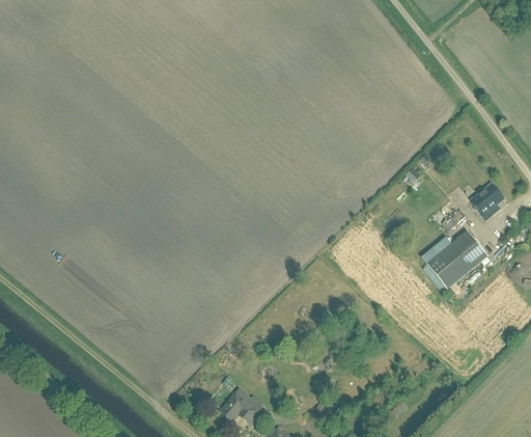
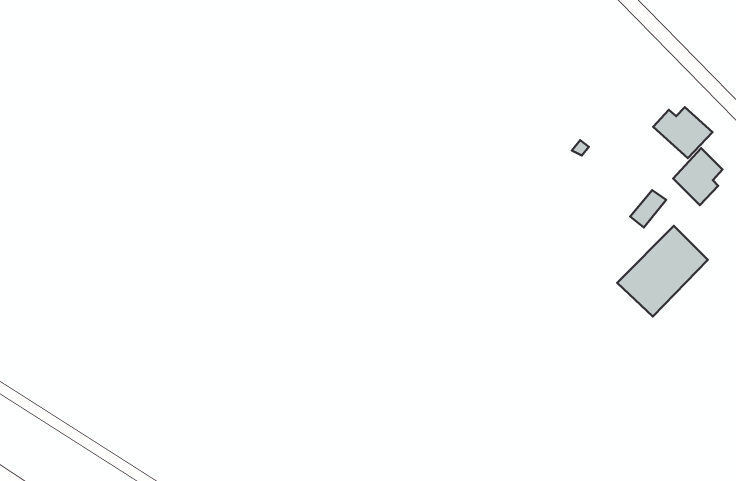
building: none -> [653,107,712,158]

